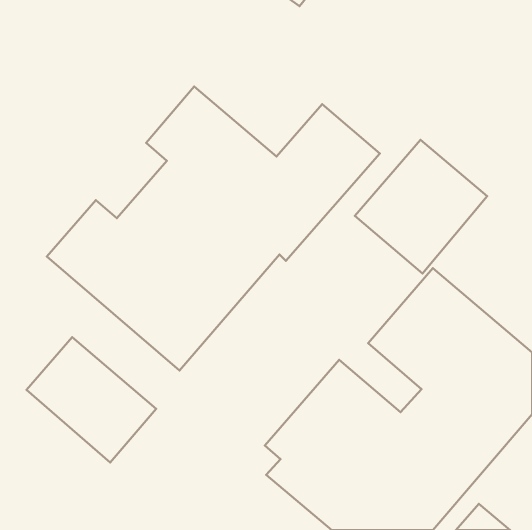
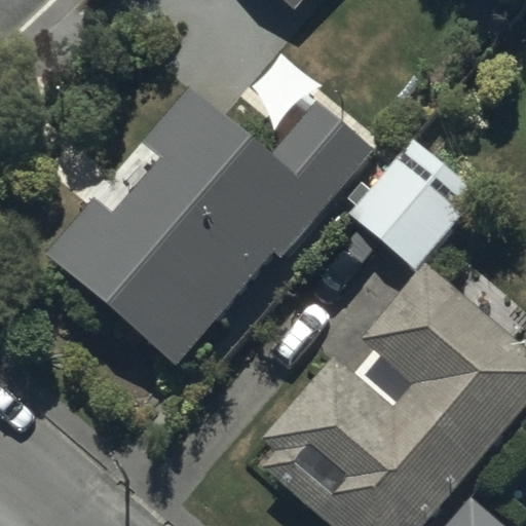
building: [27,337,156,462] -> none

